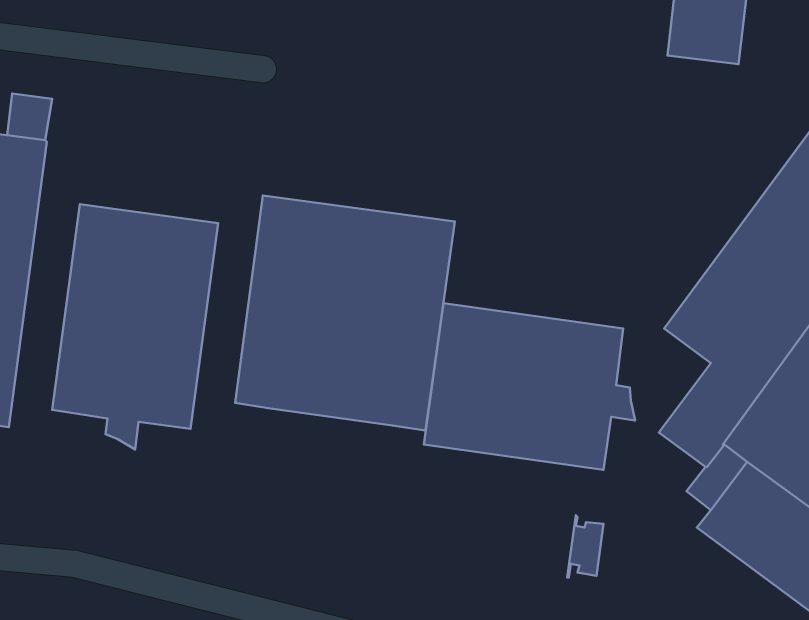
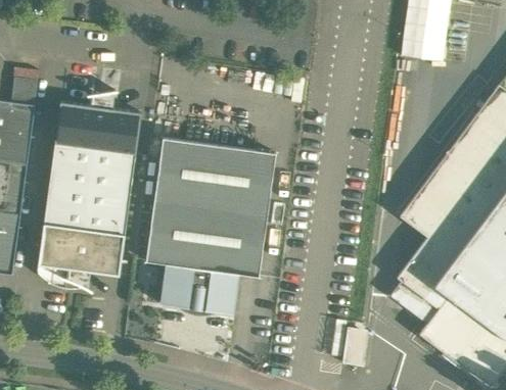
building: none -> [54,93,141,154]
building: [424,303,635,470] -> none
building: none -> [160,263,239,314]

